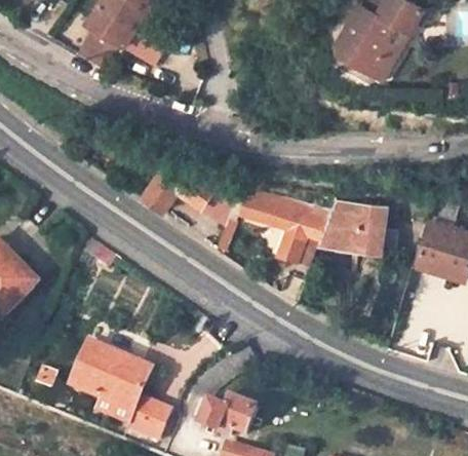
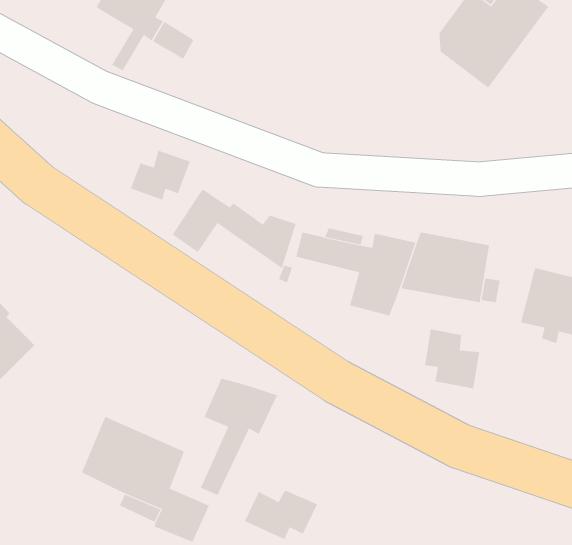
building: [70,25,109,66] -> none
building: none -> [130,150,191,200]
building: none -> [425,329,480,389]
building: none -> [200,378,278,496]

